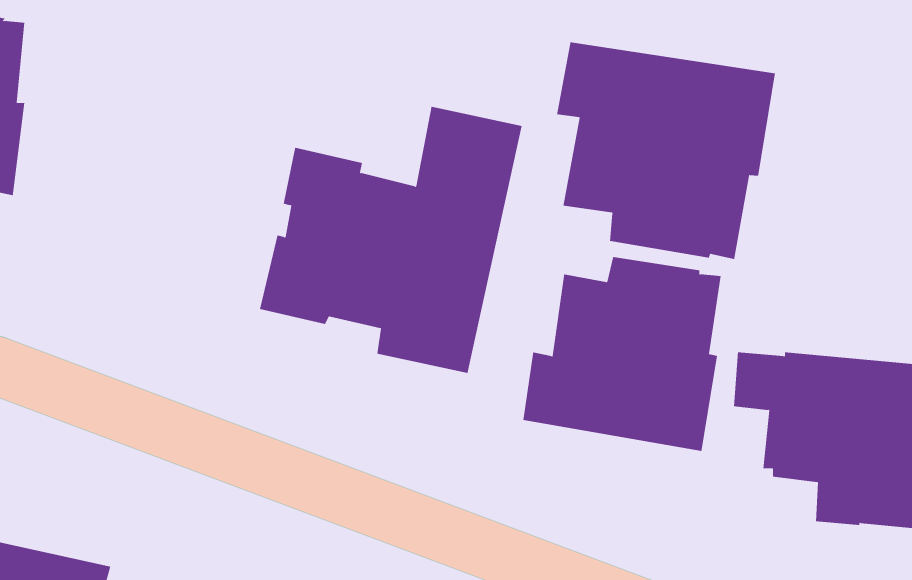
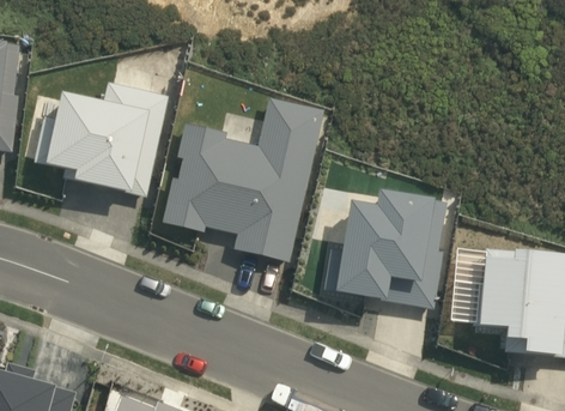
building: [557,41,776,260] -> none
building: none -> [32,81,168,197]

